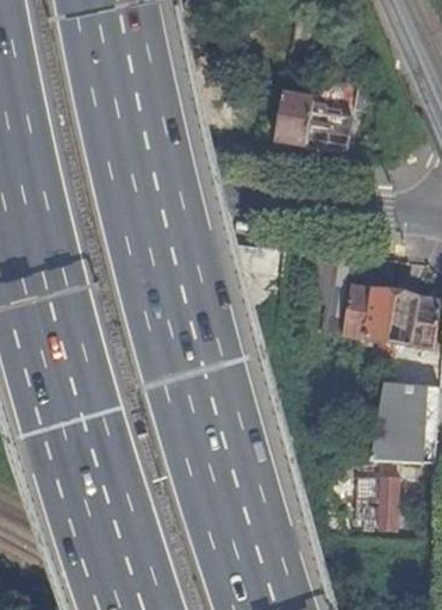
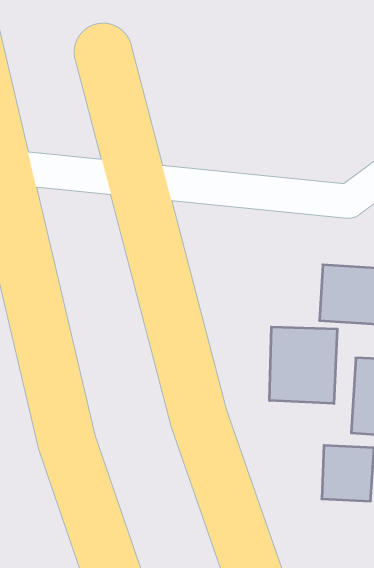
building: [275,94,354,151] -> none
building: none -> [270,327,337,404]

